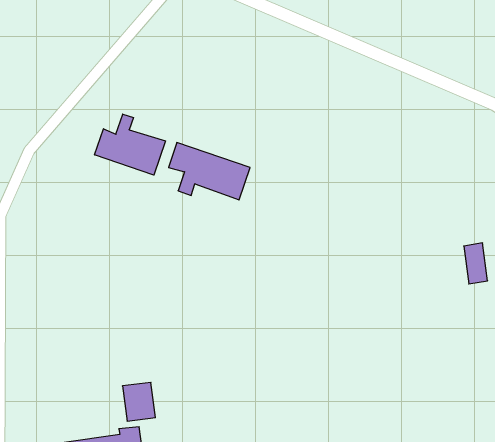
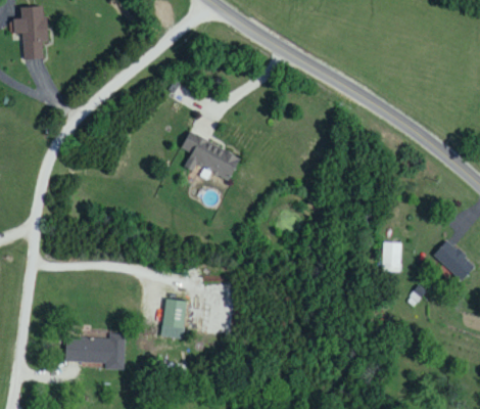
building: [95,114,165,175] -> none
building: [122,382,155,421] -> [163,300,186,327]

